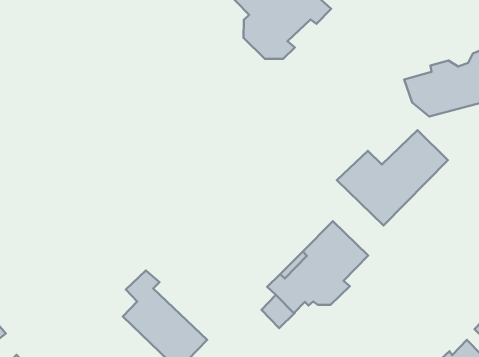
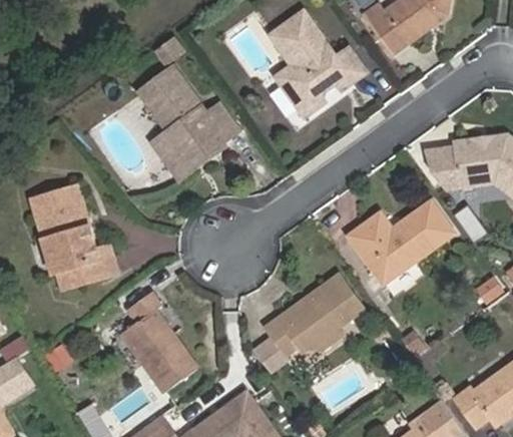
building: none -> [136,65,239,164]
building: none -> [30,184,116,289]

